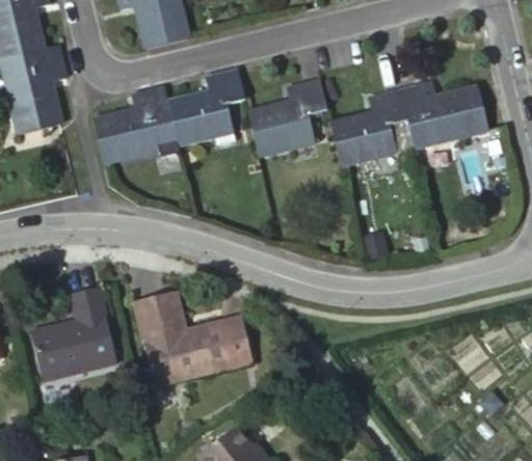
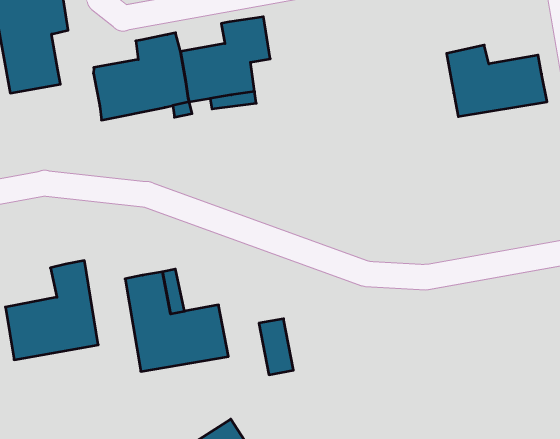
building: [255,78,336,155] -> none
building: [338,87,418,161] -> none
building: [217,319,250,370] -> [259,319,293,375]

